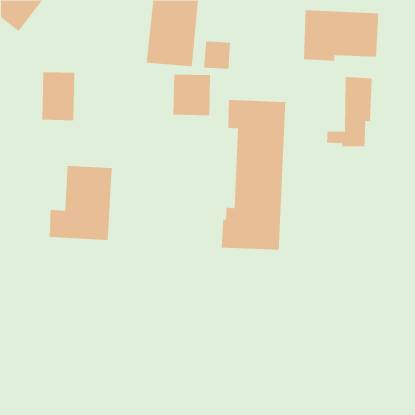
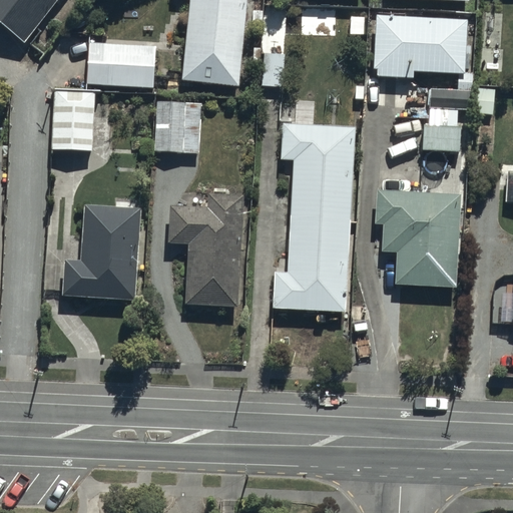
building: none -> [87,42,156,88]
building: [173,74,211,116] -> [155,101,202,152]
building: none -> [376,188,460,287]
building: none -> [169,192,242,306]

